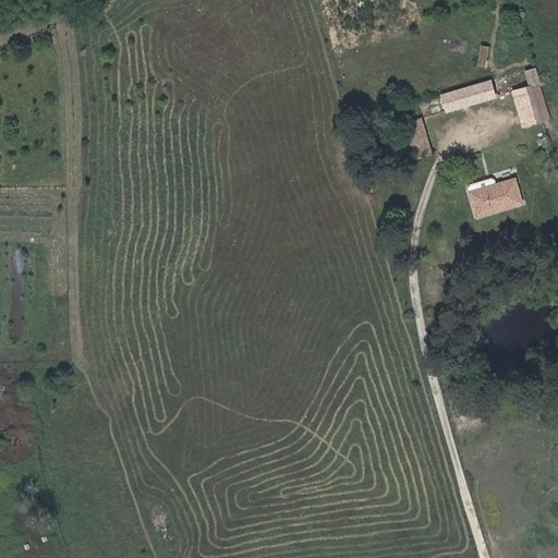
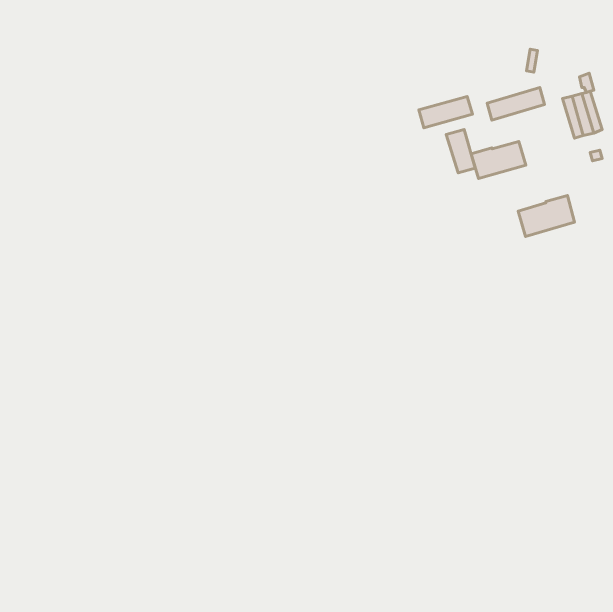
building: none -> [419,96,472,128]
building: none -> [471,142,526,179]

